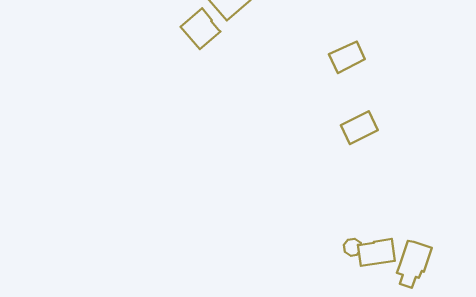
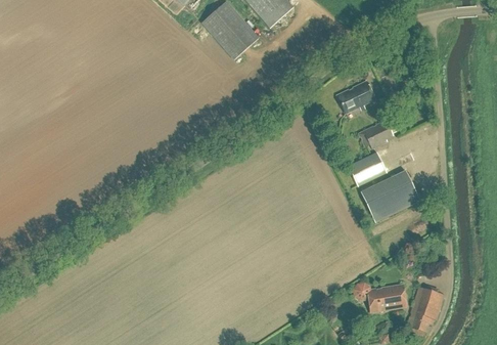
building: [180,8,221,49] -> none
building: none -> [355,118,393,148]
building: none -> [363,170,422,222]

